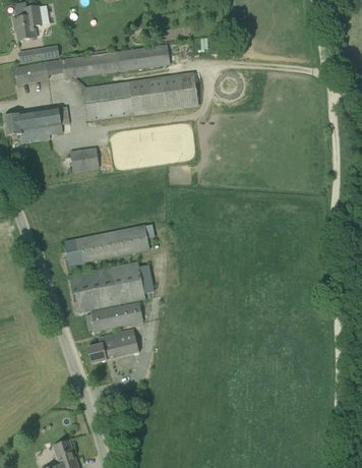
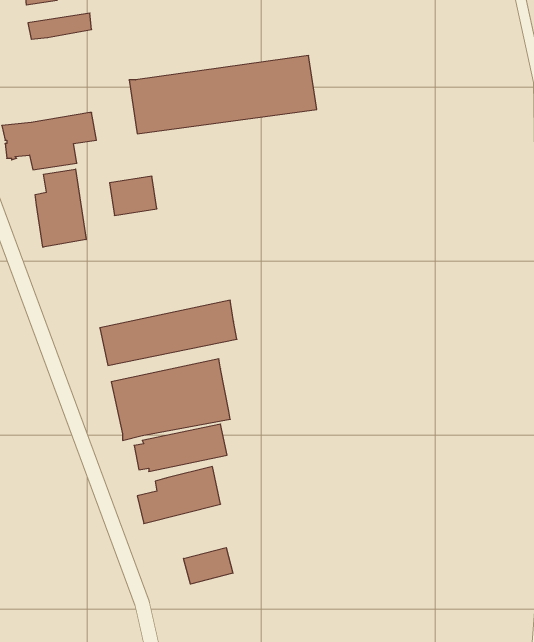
building: [62,44,170,86] -> none
building: [13,61,49,83] -> none
building: none -> [35,169,86,247]
building: none -> [184,548,233,584]

